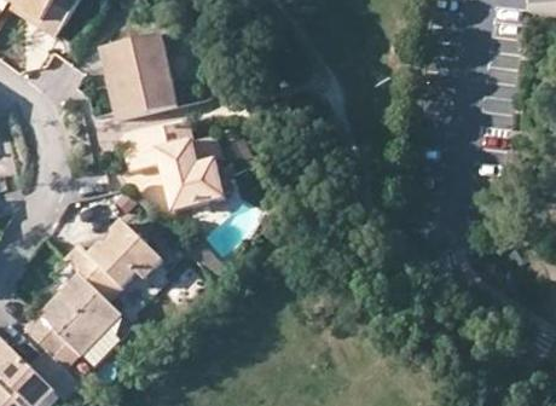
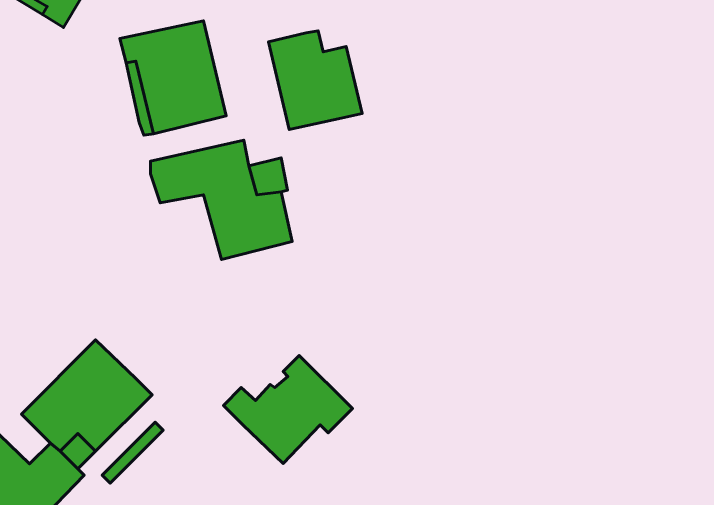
building: none -> [268,31,362,130]
building: [65,221,162,302] -> [223,355,352,463]

